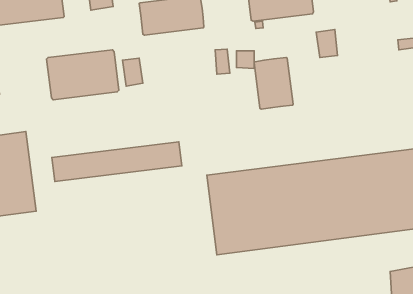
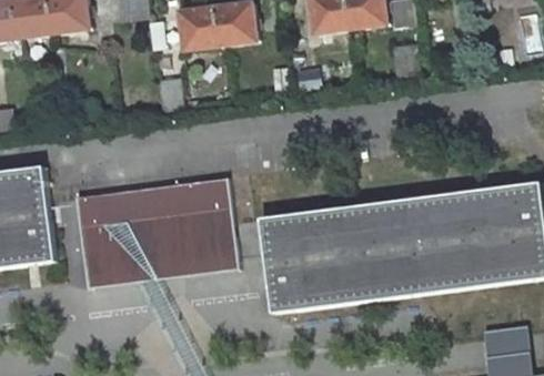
building: [47,50,119,100] -> none
building: [254,58,293,109] -> none
building: none -> [78,206,236,287]

